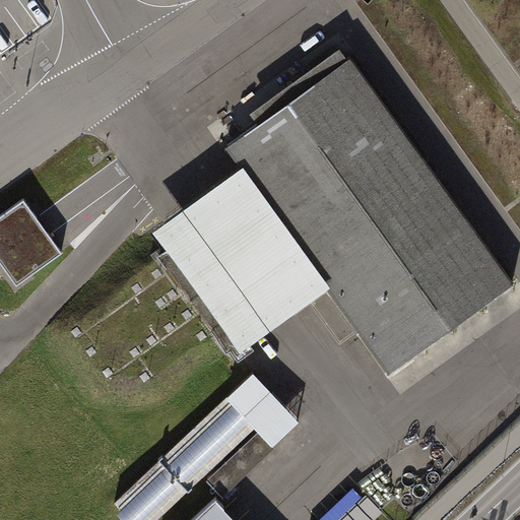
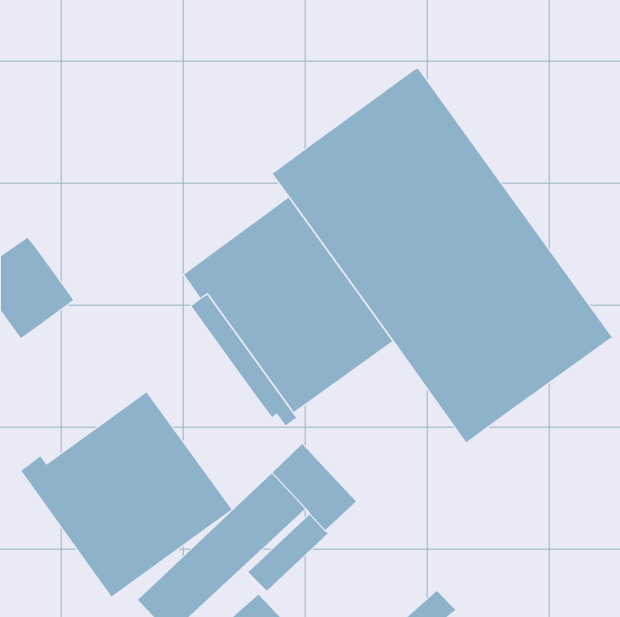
building: none -> [20,391,232,598]

